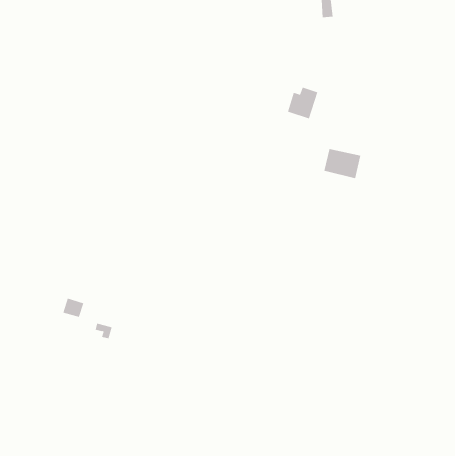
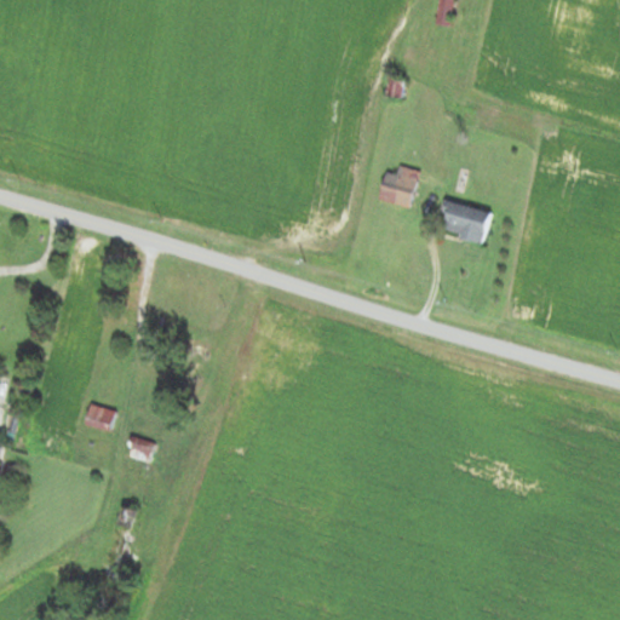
building: [287,87,318,119] -> [377,163,419,207]

